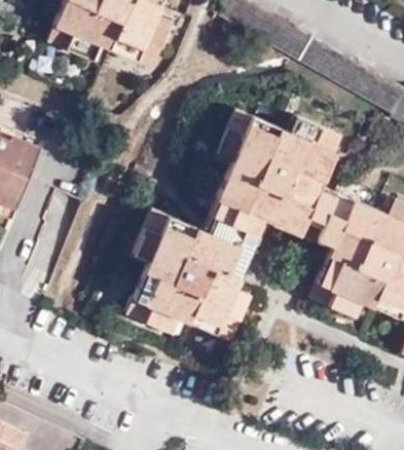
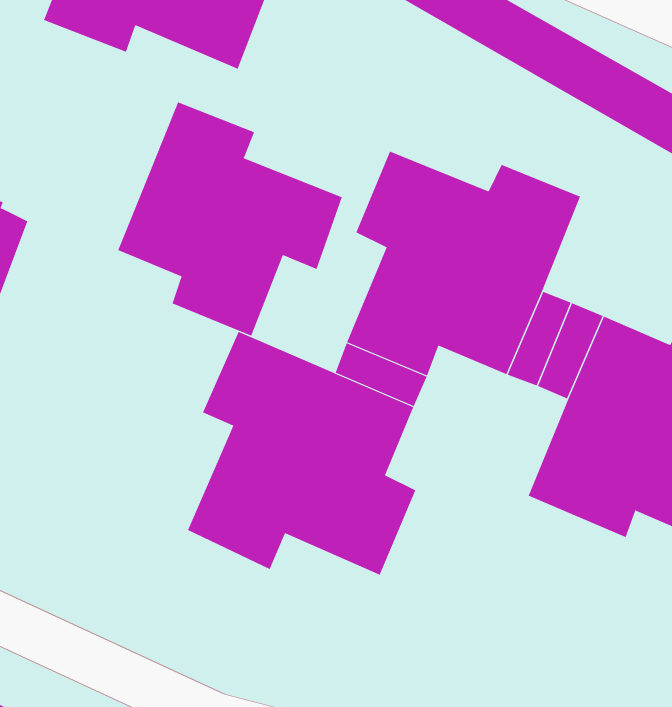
building: none -> [118,102,343,337]

